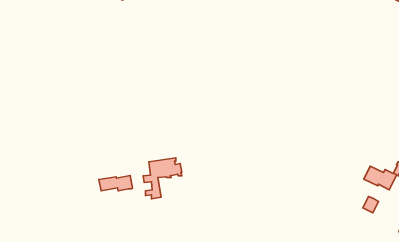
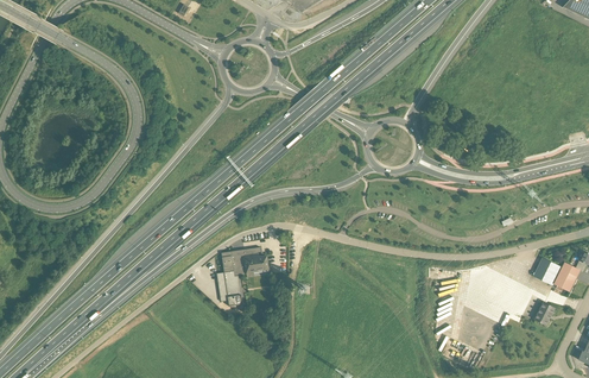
building: [99,176,133,191] -> none

